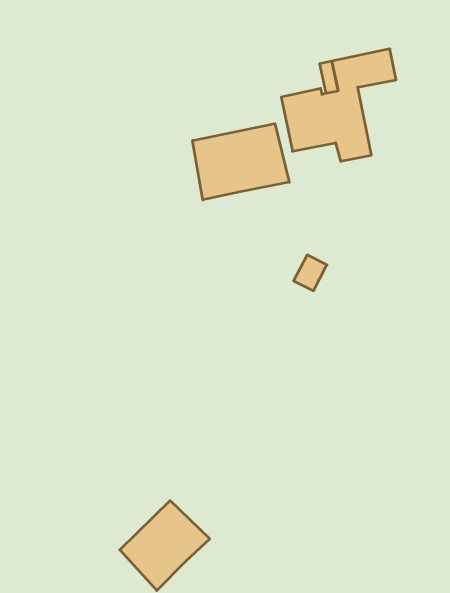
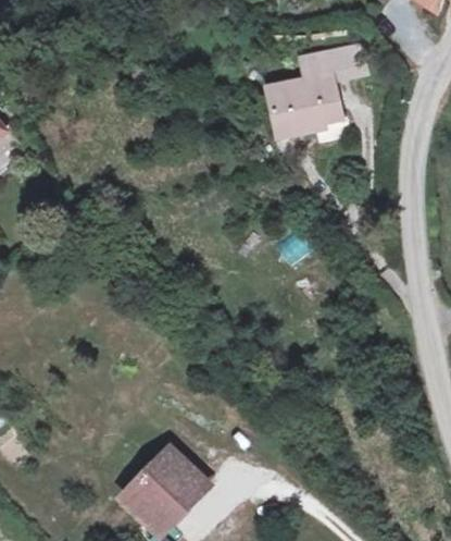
building: [193,124,289,200] -> none

